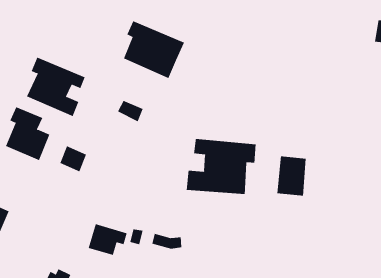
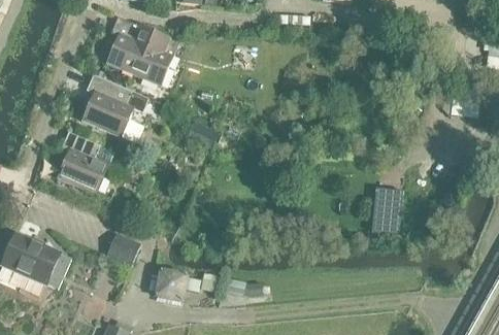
building: [123,21,185,79] -> [105,16,177,85]
building: [186,138,256,195] -> none
building: [60,146,87,172] -> [107,233,139,264]

